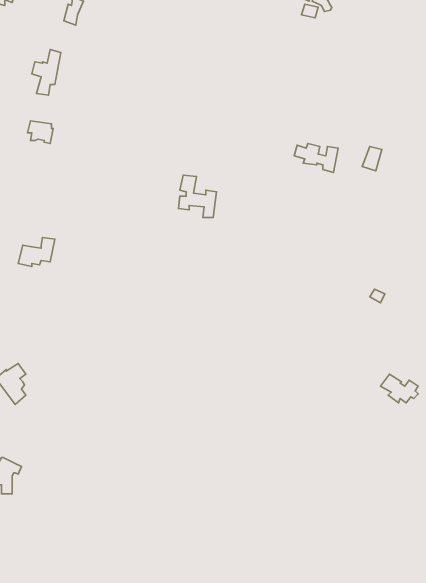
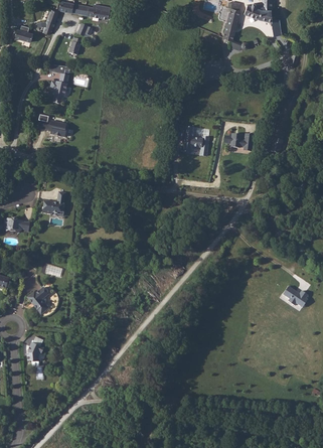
building: [178,175,216,218] -> [182,127,207,155]

